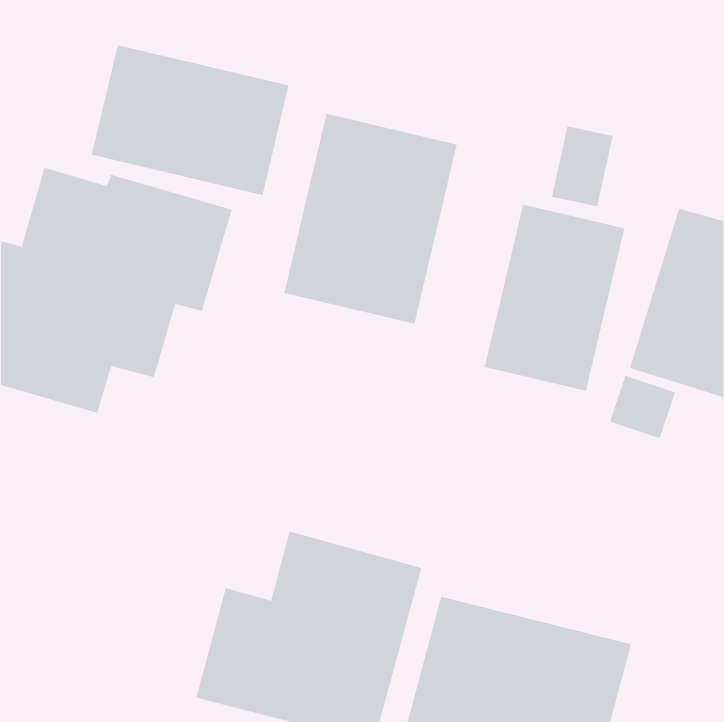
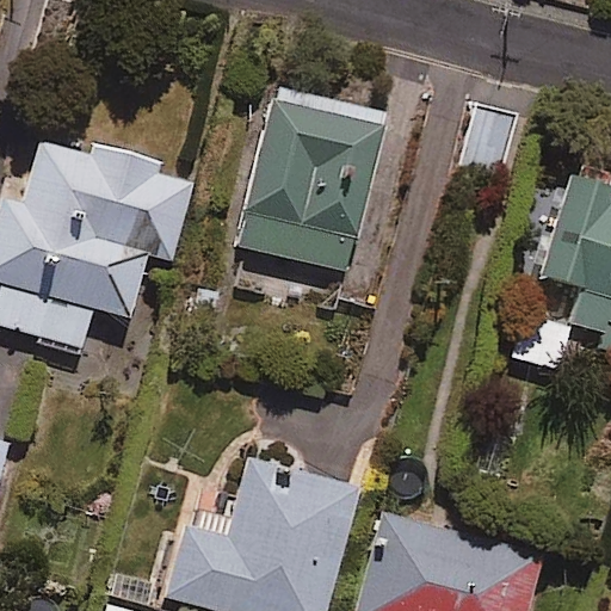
building: [91,44,289,196] -> none
building: [484,204,625,392] -> none

